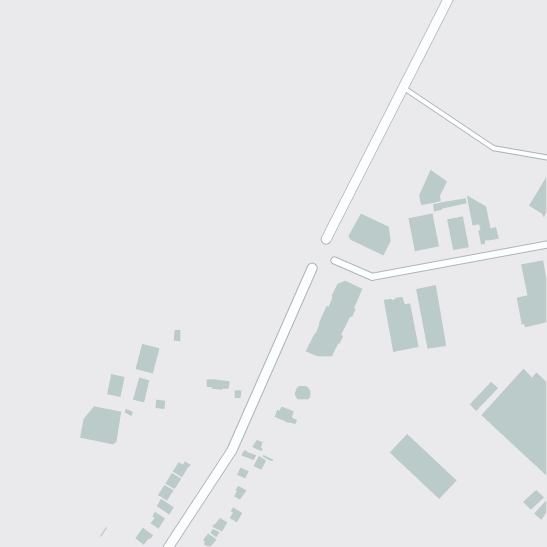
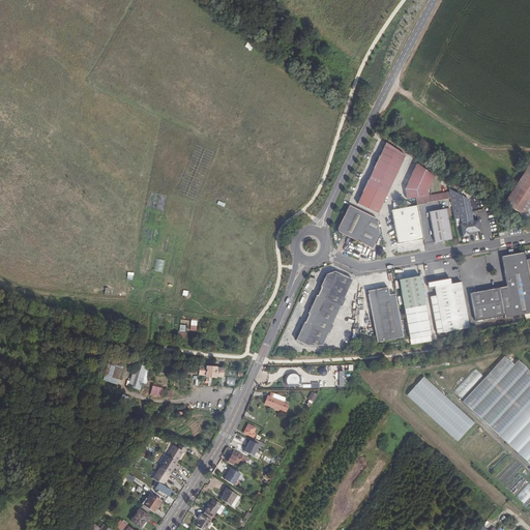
building: none -> [356,142,407,213]
building: none -> [436,281,471,331]
building: none -> [471,287,503,320]
building: [134,343,161,375] -> none
building: [79,405,122,445] -> none
building: [389,433,458,500] -> [407,376,473,440]

